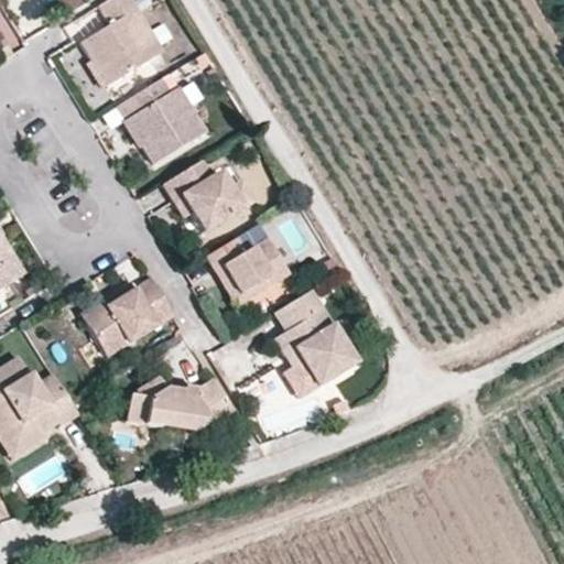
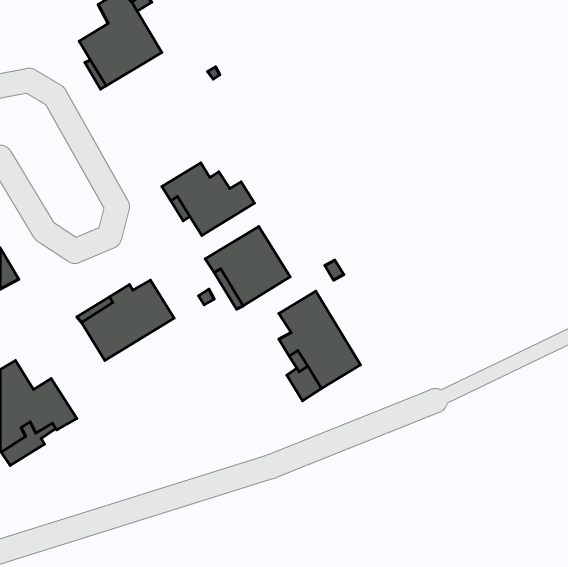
building: [118,78,205,163] -> none
building: [128,373,238,430] -> none

